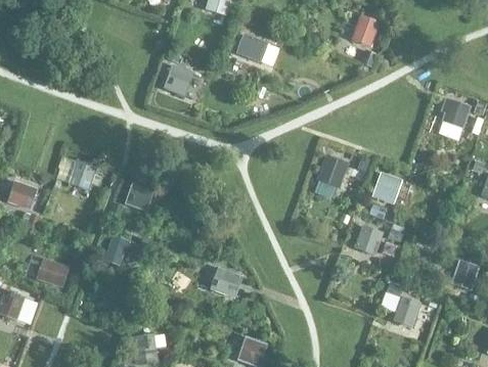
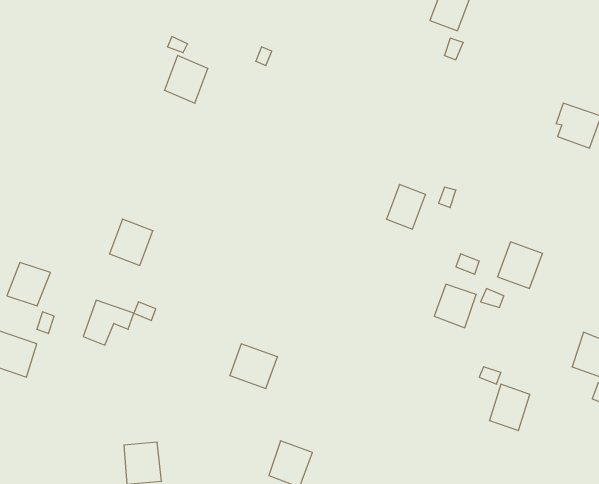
building: [235,33,267,62] -> none
building: [66,159,97,190] -> [7,262,50,306]
building: [370,172,402,204] -> [498,242,543,288]

